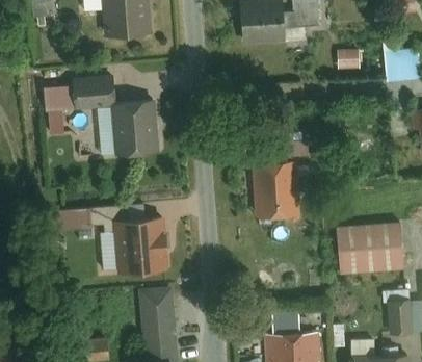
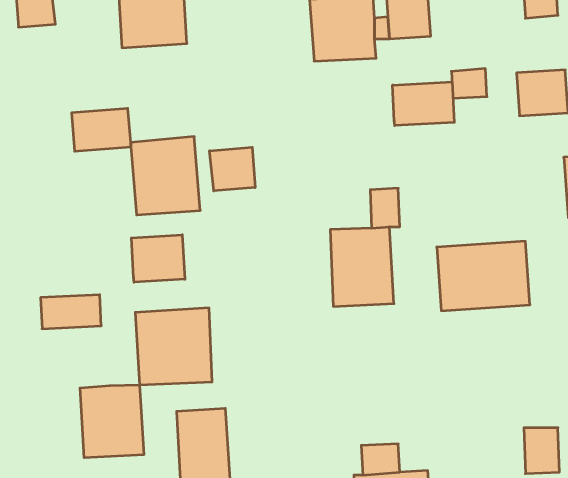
building: none -> [393,82,454,126]
building: [44,81,72,109] -> none
building: none -> [210,147,255,191]
building: none -> [131,235,185,282]
building: [335,225,400,274] -> [437,241,530,311]
building: none -> [80,385,144,458]

